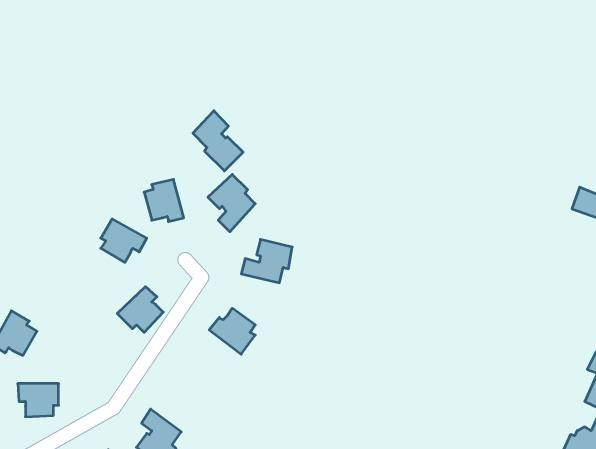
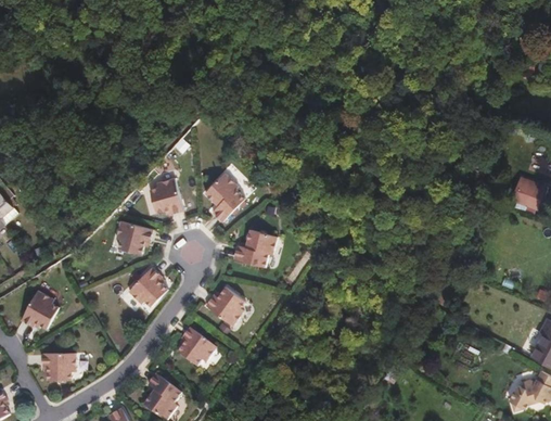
building: [193,111,243,171] -> none
building: none -> [177,327,216,367]

